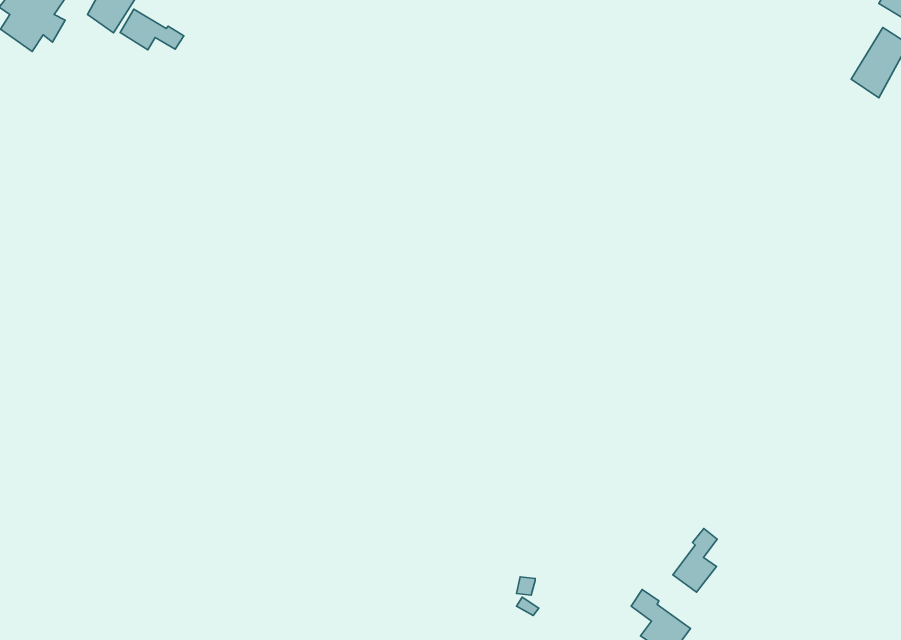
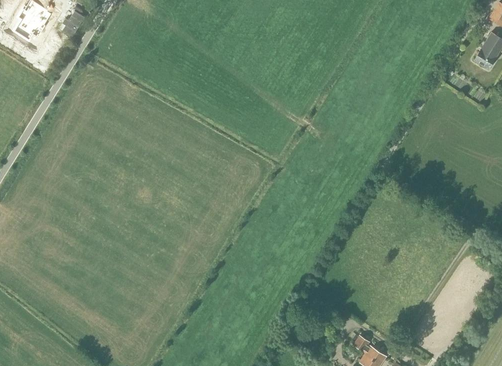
building: [120,9,184,50] -> none
building: [673,529,717,592] -> none

